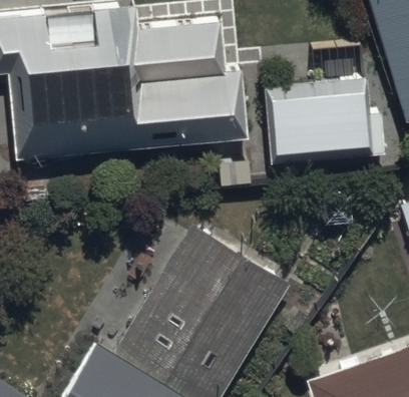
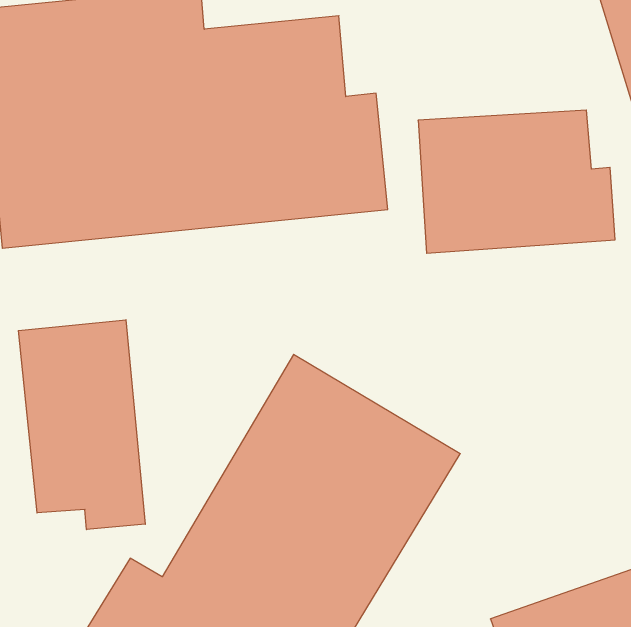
building: none -> [18,320,145,530]

